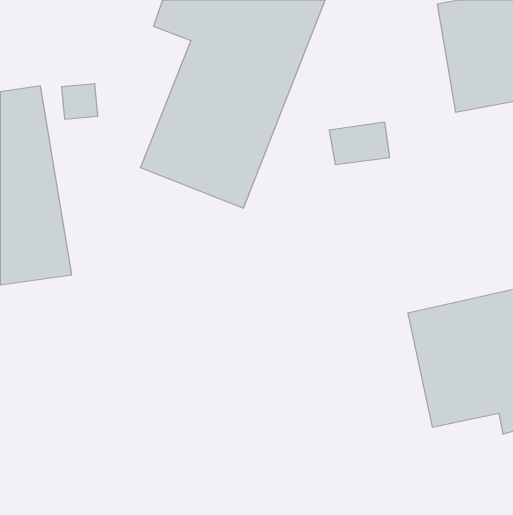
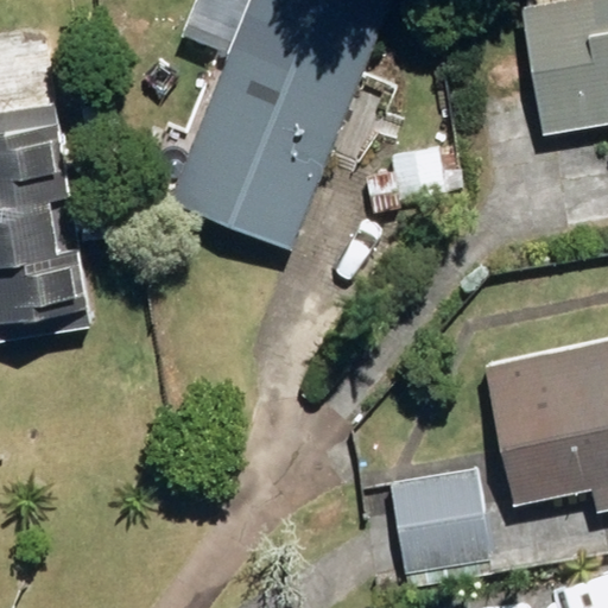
building: none -> [391,469,490,585]

